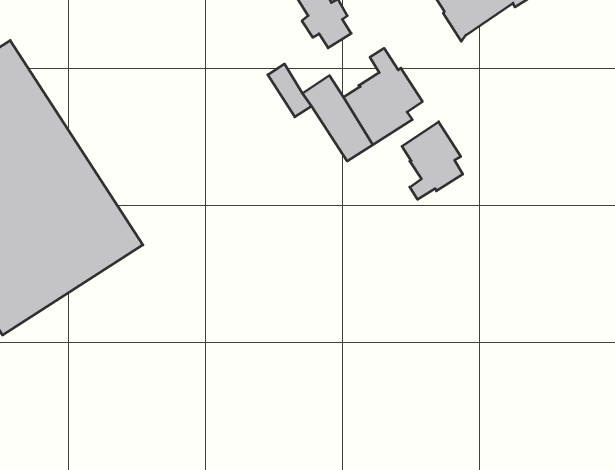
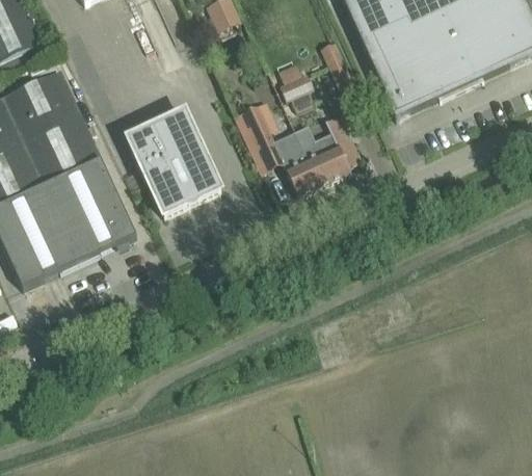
building: none -> [128,110,221,214]
building: [402,122,463,199] -> none

